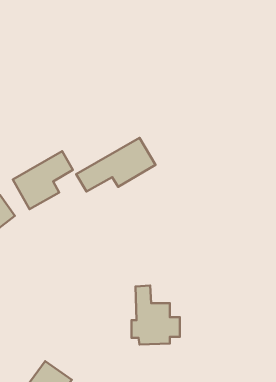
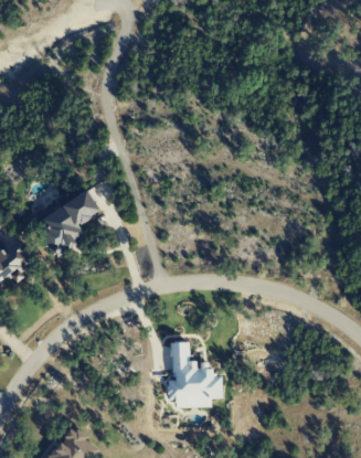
building: [76,138,156,192] -> none

